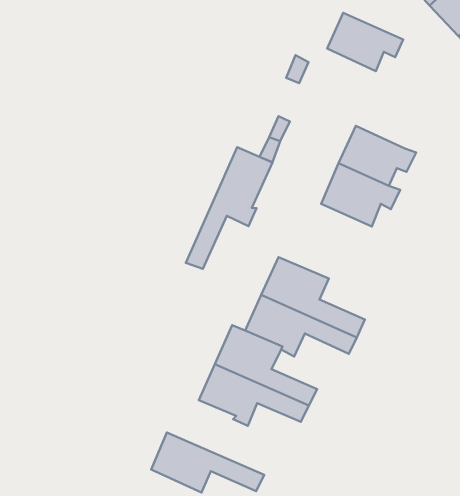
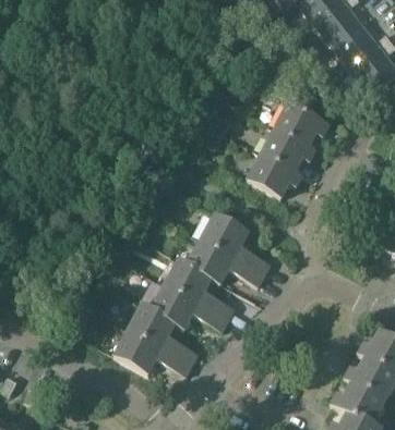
building: [327,13,403,71] -> [276,102,330,145]
building: [186,147,273,269] -> none
building: none -> [128,303,199,364]

